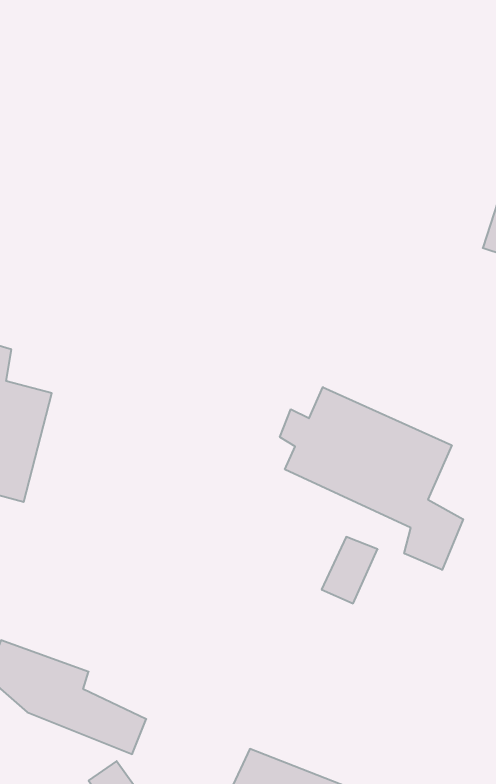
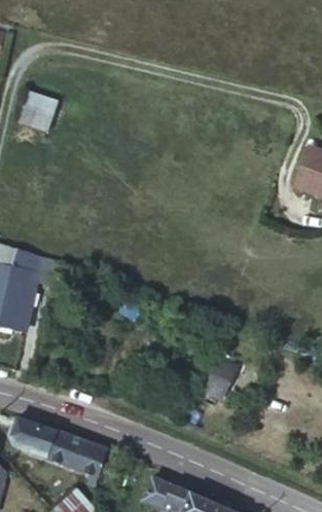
building: none -> [17,86,61,130]
building: [280,387,463,570] -> none

